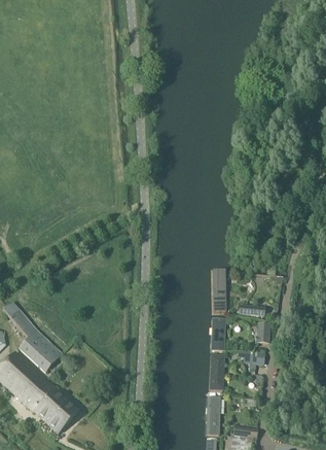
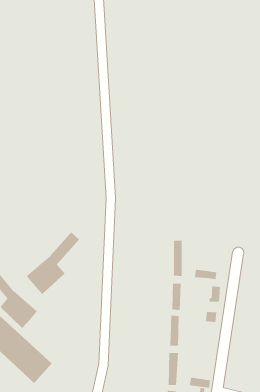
building: none -> [26,231,80,295]

